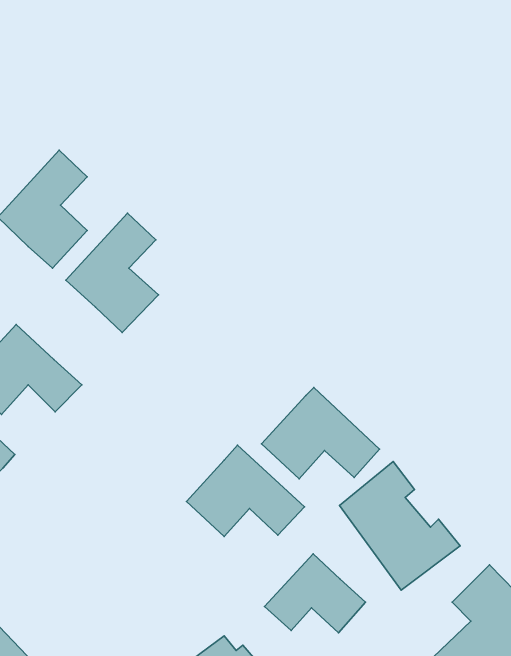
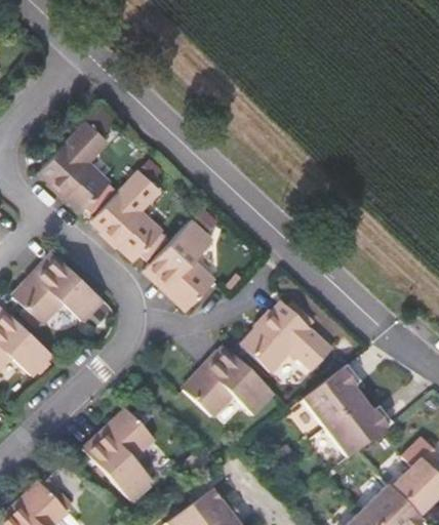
building: none -> [144,218,214,310]
building: none -> [84,411,153,500]
building: [264,554,365,633] -> none

